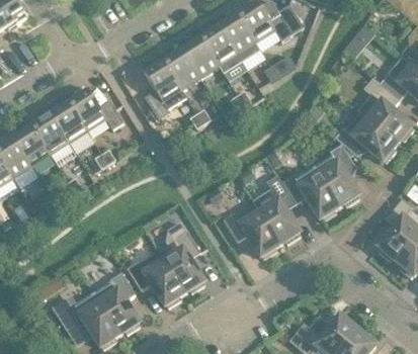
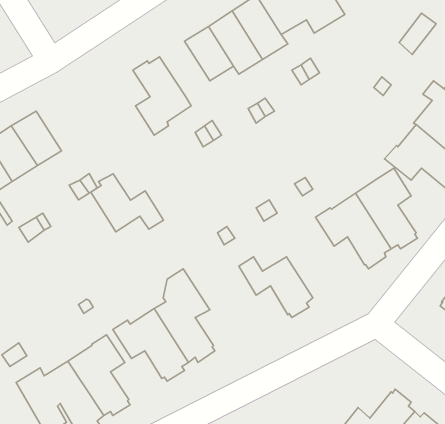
building: [163,47,201,89] -> none
building: [69,86,124,130] -> [91,174,164,232]
building: [253,181,301,243] -> none

